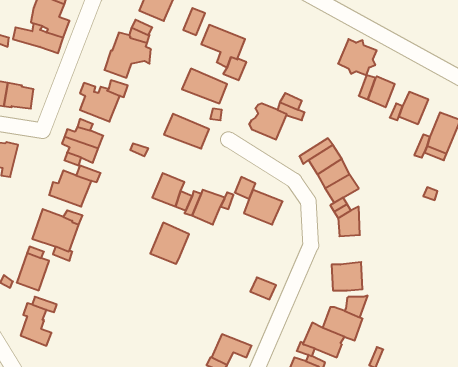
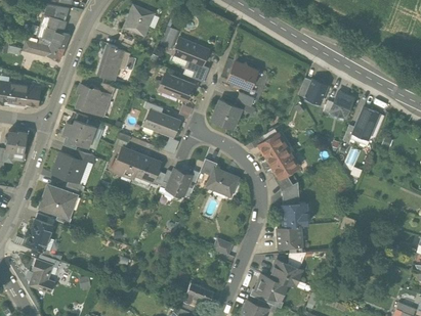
building: [338,39,377,75] -> [226,60,257,89]
building: [150,223,189,264] -> [112,146,142,179]
building: none -> [282,205,307,228]

